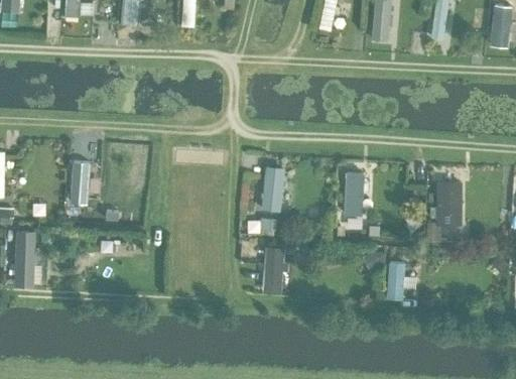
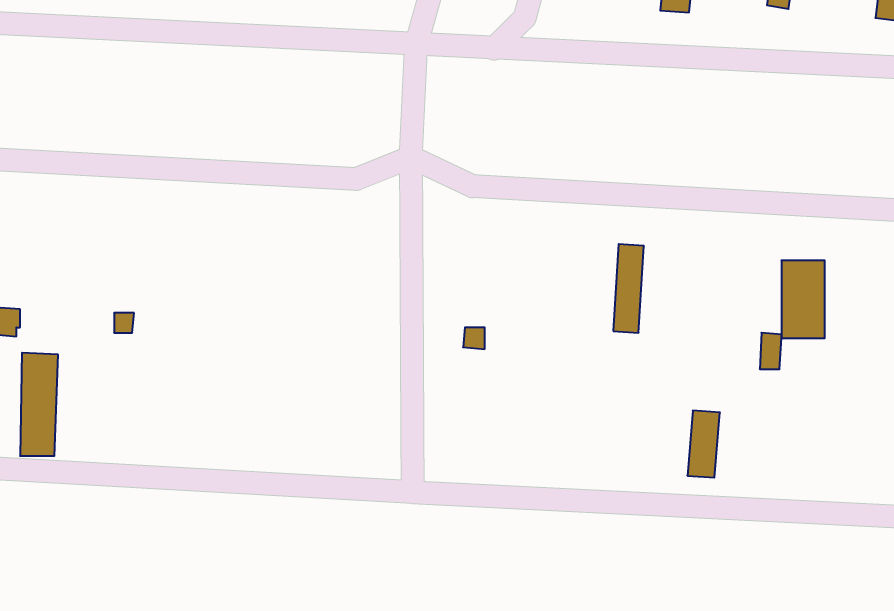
building: [70,162,90,205] -> none
building: [262,166,282,209] -> none
building: [261,246,282,292] -> none

